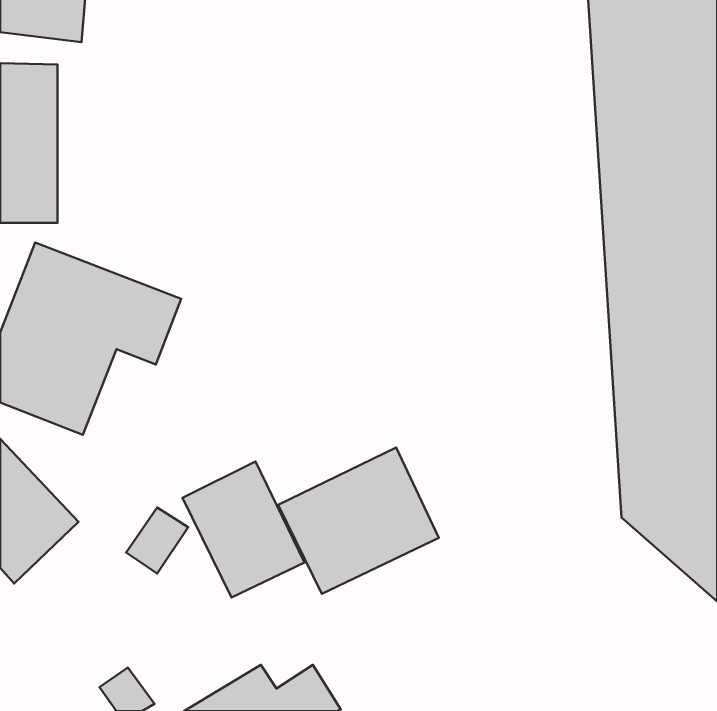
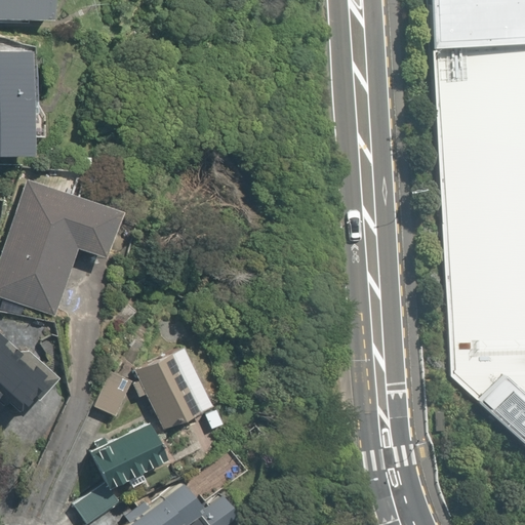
building: [278,447,439,594] -> none
building: none -> [85,416,168,488]

